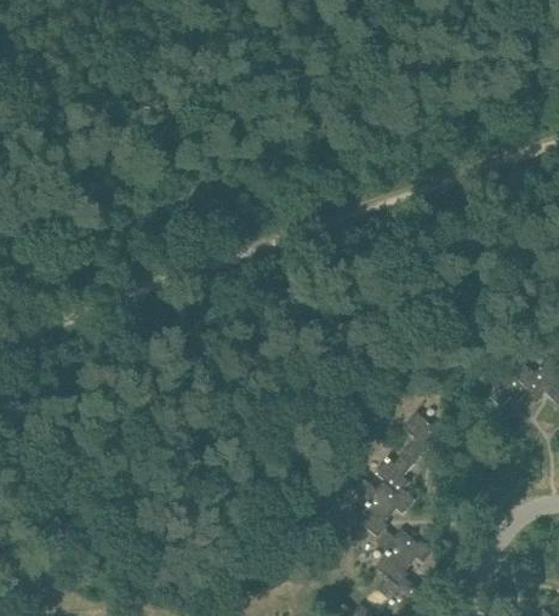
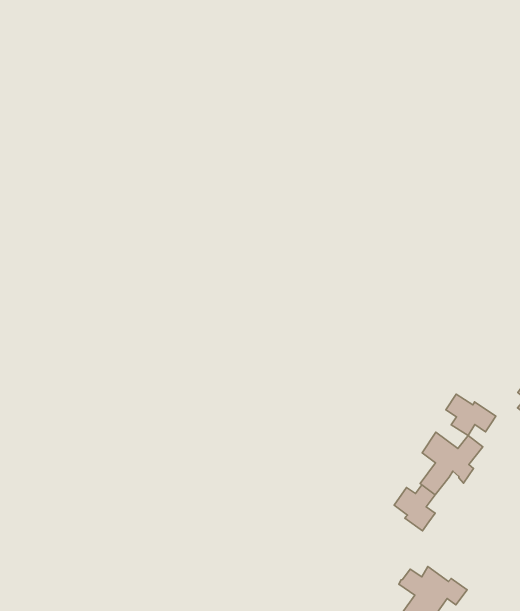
building: none -> [446,394,496,435]
building: [353,478,415,536] -> none

